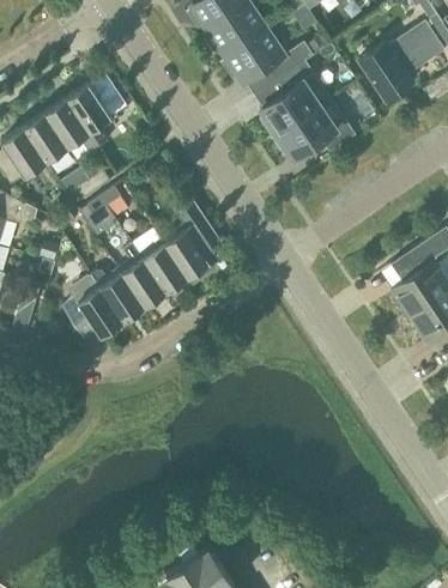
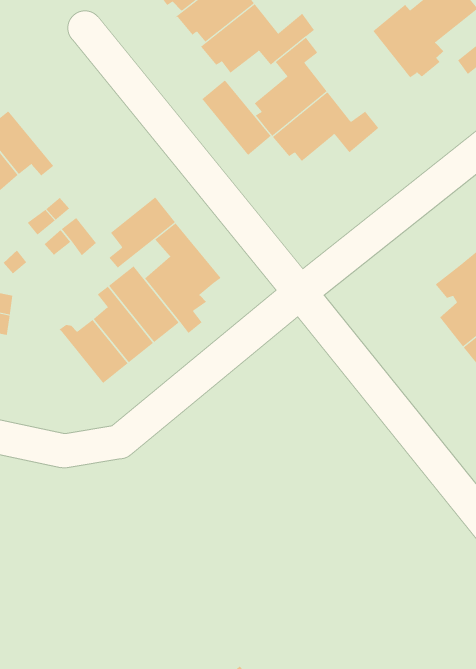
building: [66,75,127,146] -> none
building: none -> [201,79,271,156]
building: none -> [109,197,176,269]
building: [65,277,122,339] -> none

